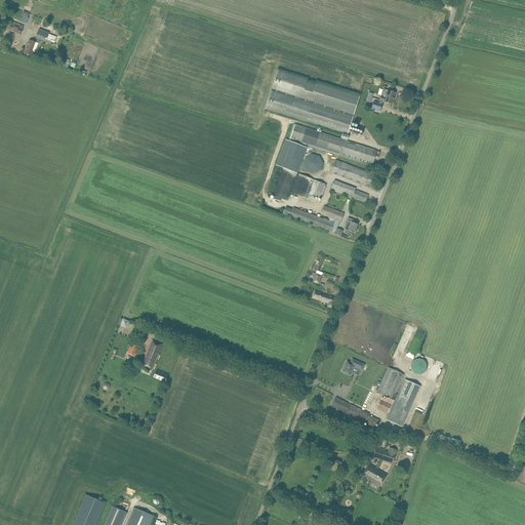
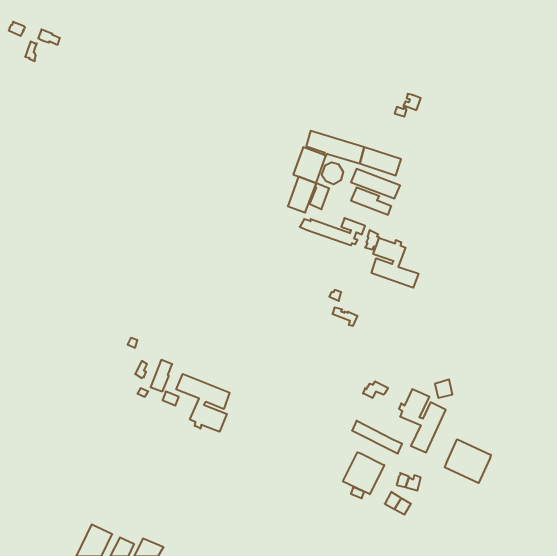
building: [266,69,360,134] -> none
building: none -> [372,238,419,288]
building: none -> [176,374,230,432]
building: none -> [445,439,491,483]
building: none -> [343,452,384,494]

